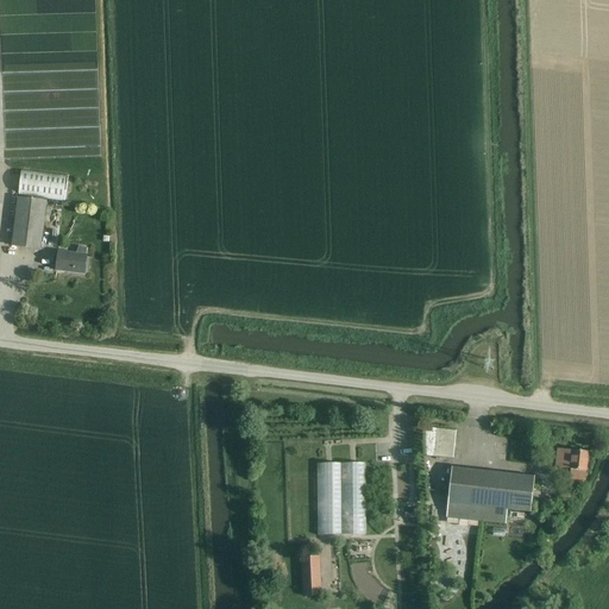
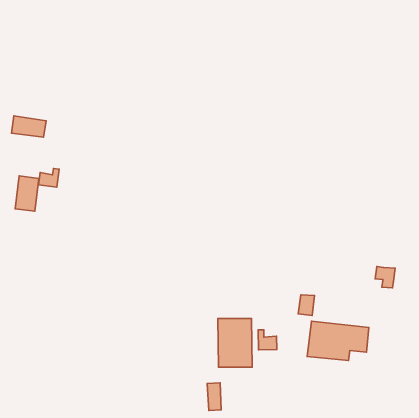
building: [11,196,45,247] -> [15,176,39,211]
building: [559,447,588,478] -> [375,267,395,288]
building: none -> [258,330,277,350]

